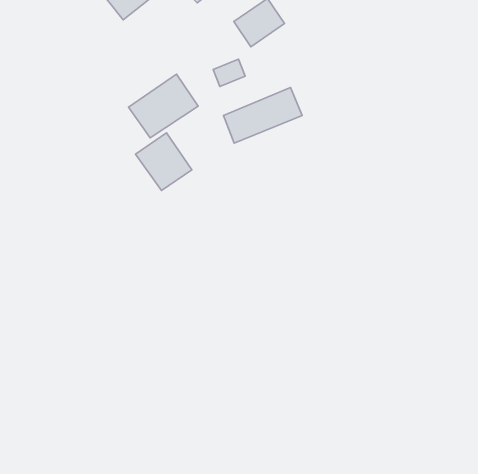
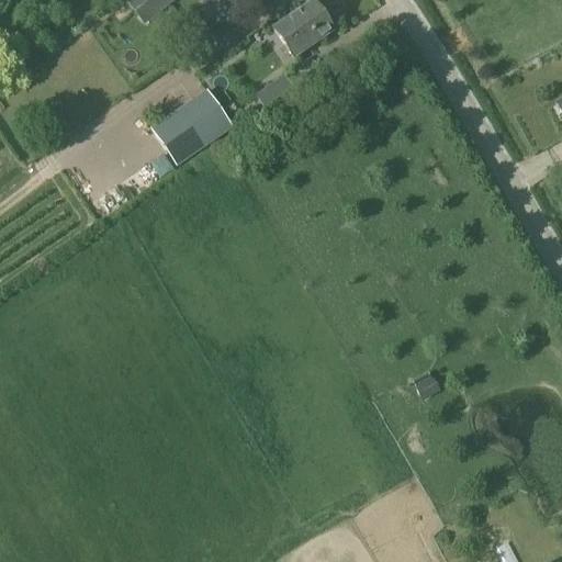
building: [223,88,302,143] -> none
building: [136,133,192,190] -> none

